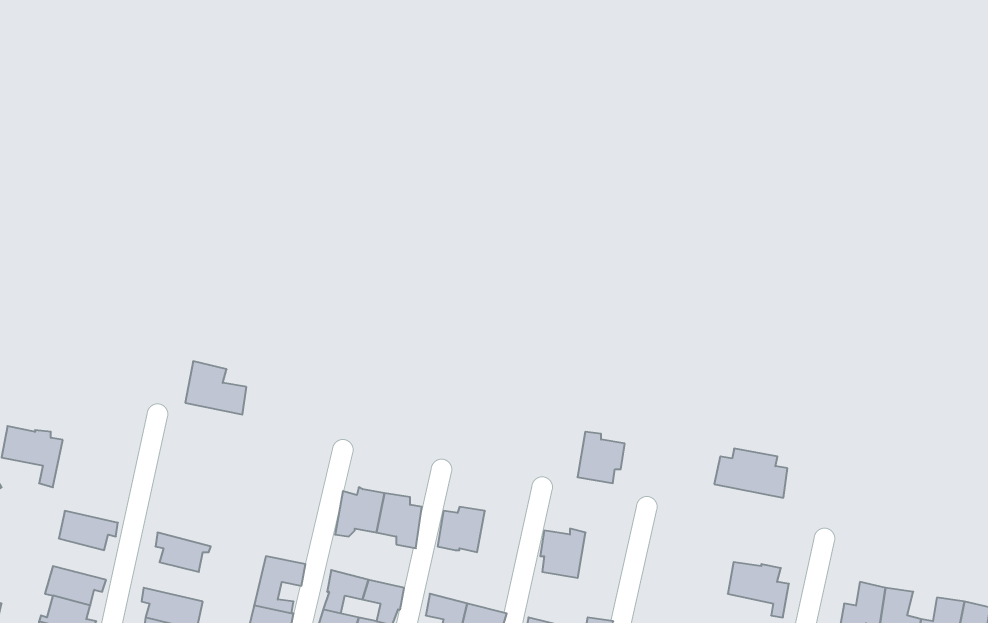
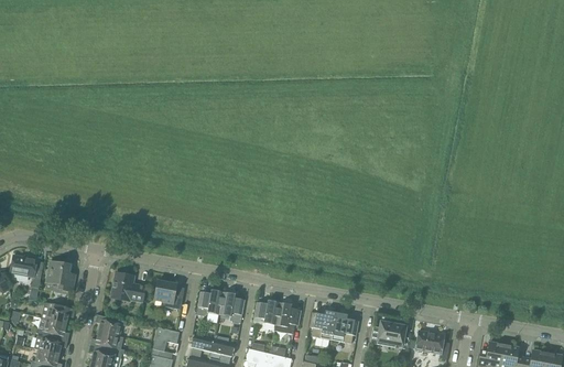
building: [185,361,246,415] -> [111,272,145,302]
building: [577,432,625,483] -> [332,314,358,343]
building: none -> [46,262,75,291]
building: [714,449,787,498] -> [370,322,411,349]
building: none -> [154,281,182,310]
building: none -> [274,302,302,334]
building: none -> [39,317,69,341]
building: none -> [89,331,124,354]

